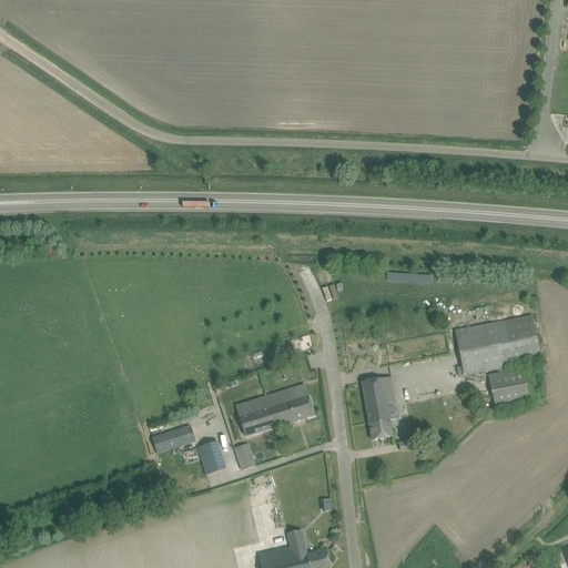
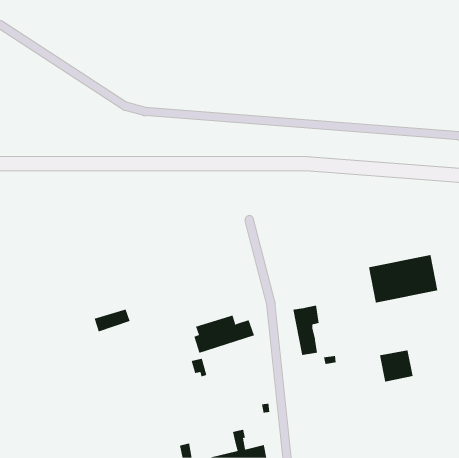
building: [487,367,529,407] -> [379,350,413,382]
building: [151,424,196,453] -> [94,309,131,332]
building: [195,440,225,474] -> none

